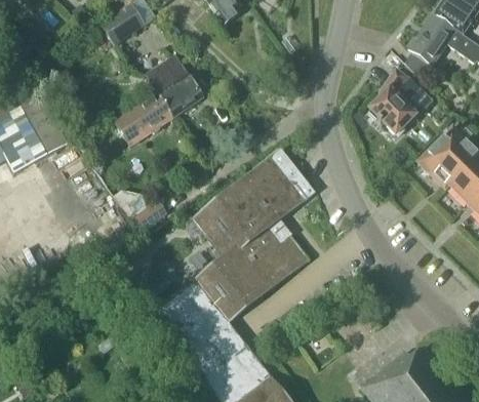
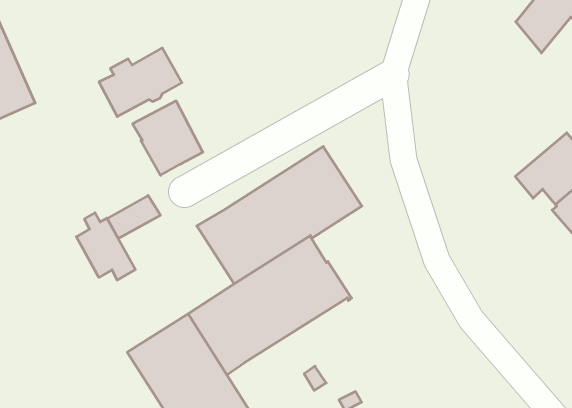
building: [149,62,201,116] -> [133,101,203,175]
building: [367,68,432,133] -> none
building: none -> [76,213,135,280]

